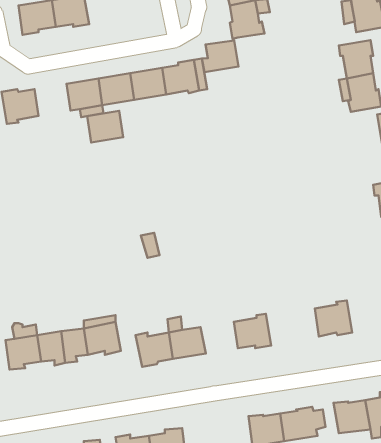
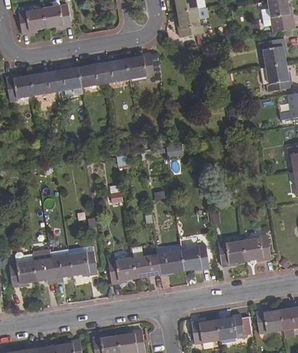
building: [202,41,239,72] -> none
building: [87,111,123,143] -> [30,71,57,95]
building: none -> [217,240,244,266]
building: none -> [155,250,183,274]

